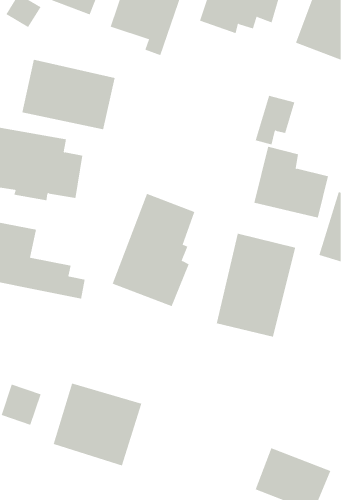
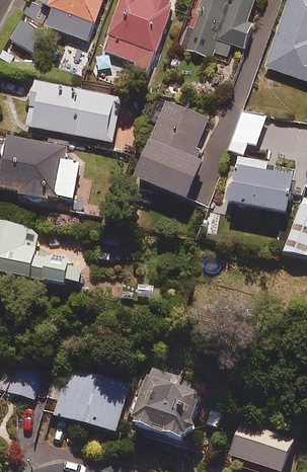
building: [112,193,195,307] -> [135,101,208,201]
building: [216,233,296,337] -> none
building: none -> [130,379,202,448]

